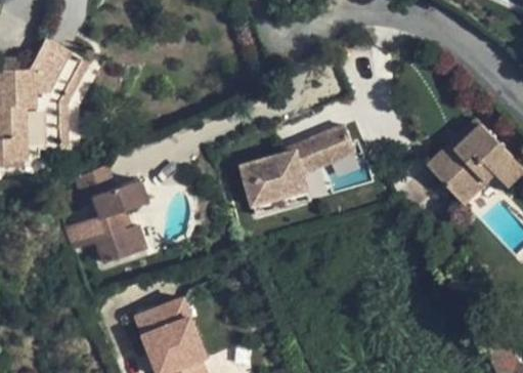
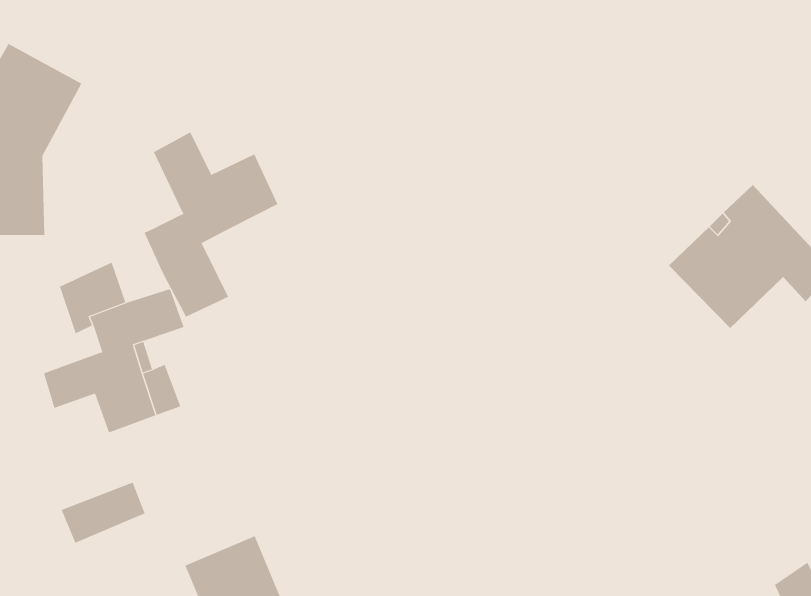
building: none -> [144,131,278,317]
building: [245,128,358,219] -> none
building: [138,304,187,340] -> [61,482,145,543]

